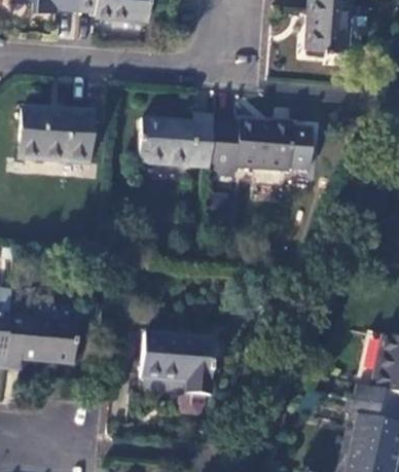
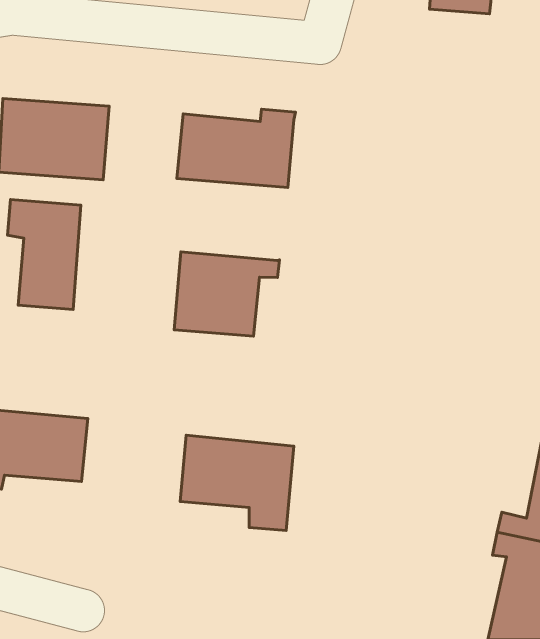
building: [211,121,315,176] -> none
building: none -> [7,199,81,310]
building: none -> [174,252,280,336]

